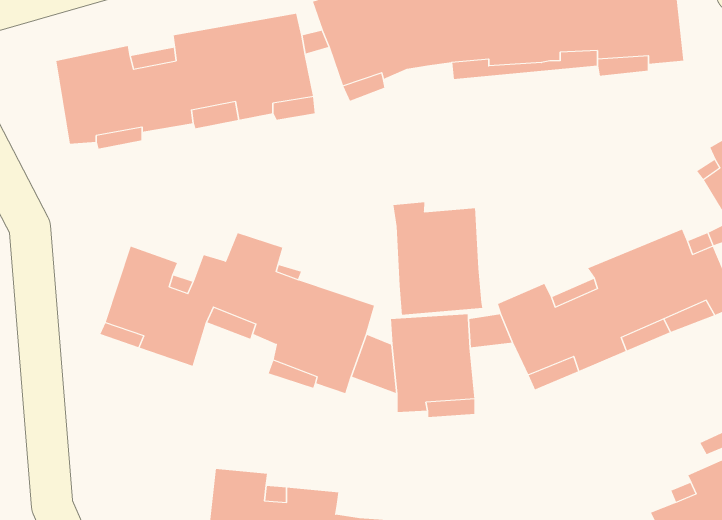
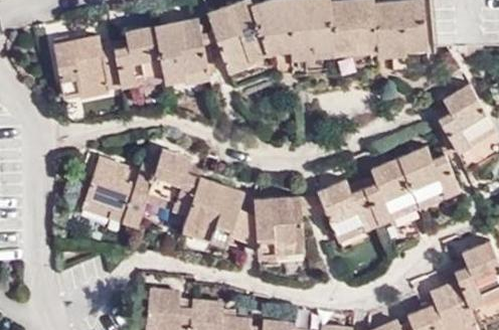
building: [393,201,483,316] -> none

